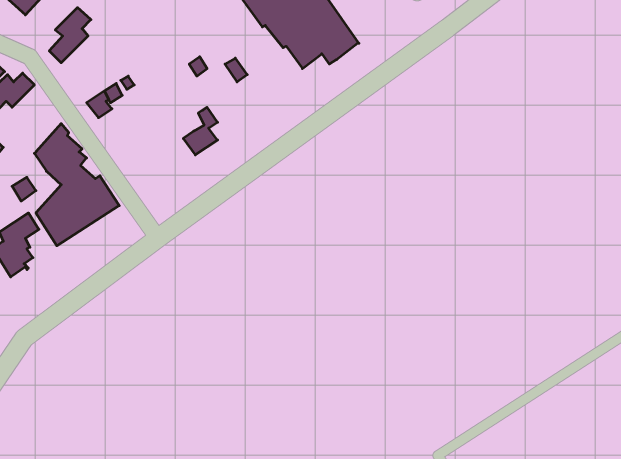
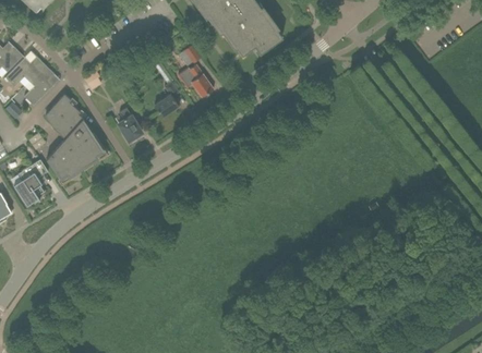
building: [49,8,91,63] -> [24,65,55,106]
building: none -> [180,64,214,97]
building: none -> [118,108,141,145]

